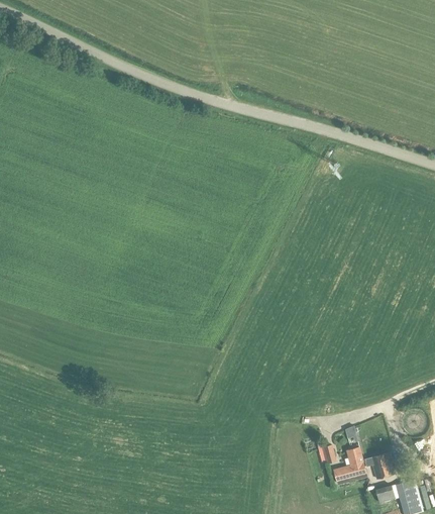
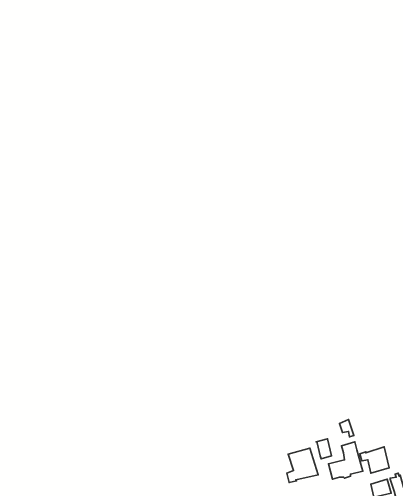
building: none -> [287,448,318,482]

